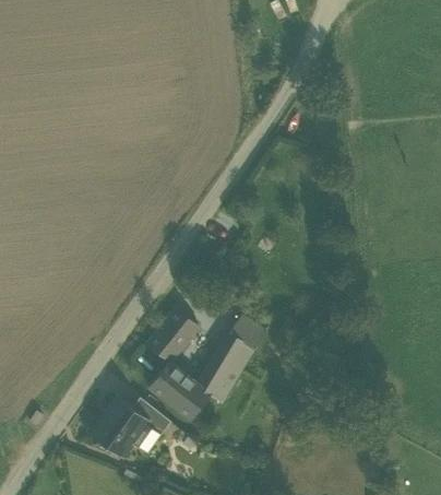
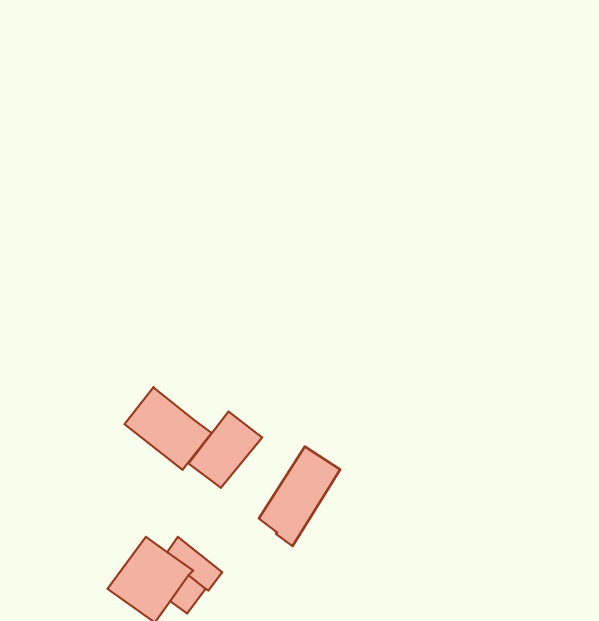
building: [229,316,265,350] -> none
building: [147,362,210,421] -> [124,387,212,470]

